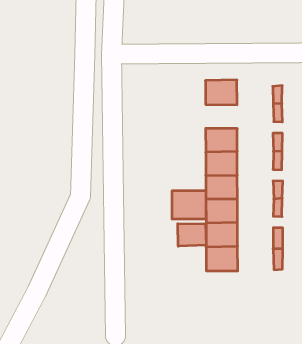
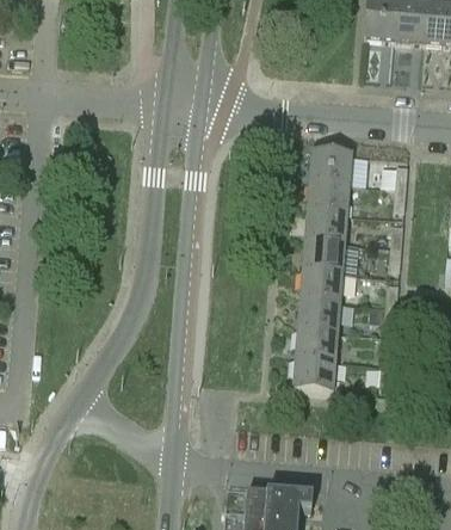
building: none -> [308,179,350,212]
building: [172,190,206,219] -> none
building: [178,224,206,246] -> none

